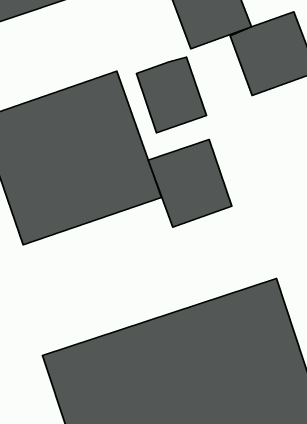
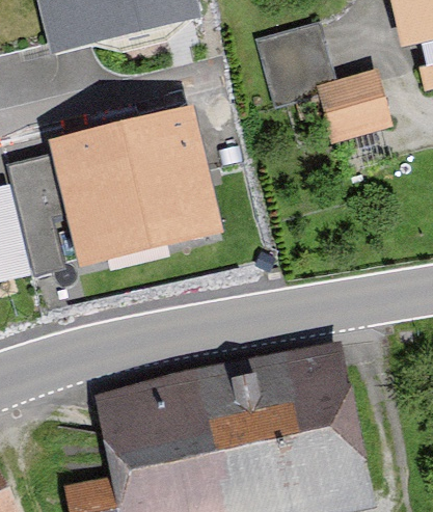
building: [137,57,206,133] -> none
building: [148,140,232,227] -> none

